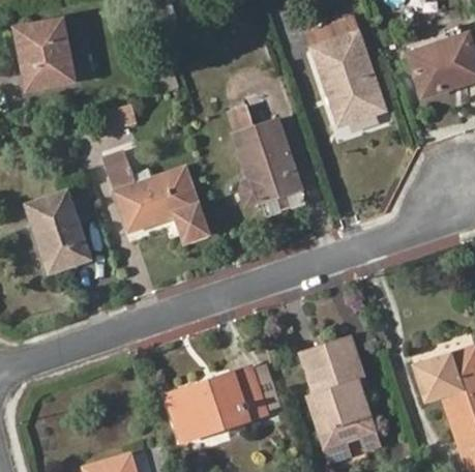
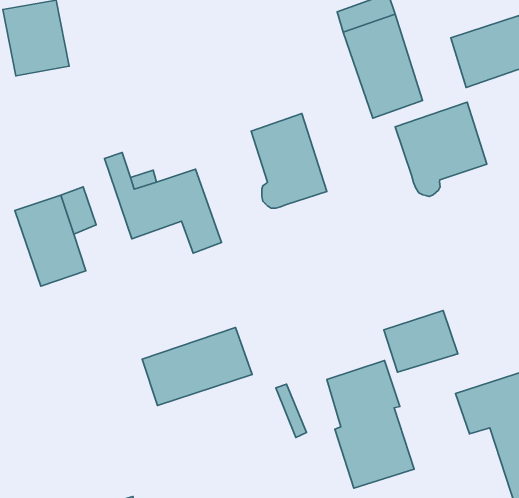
building: none -> [395,102,487,197]
building: none -> [384,311,458,372]
building: [169,371,265,439] -> [142,327,252,405]

